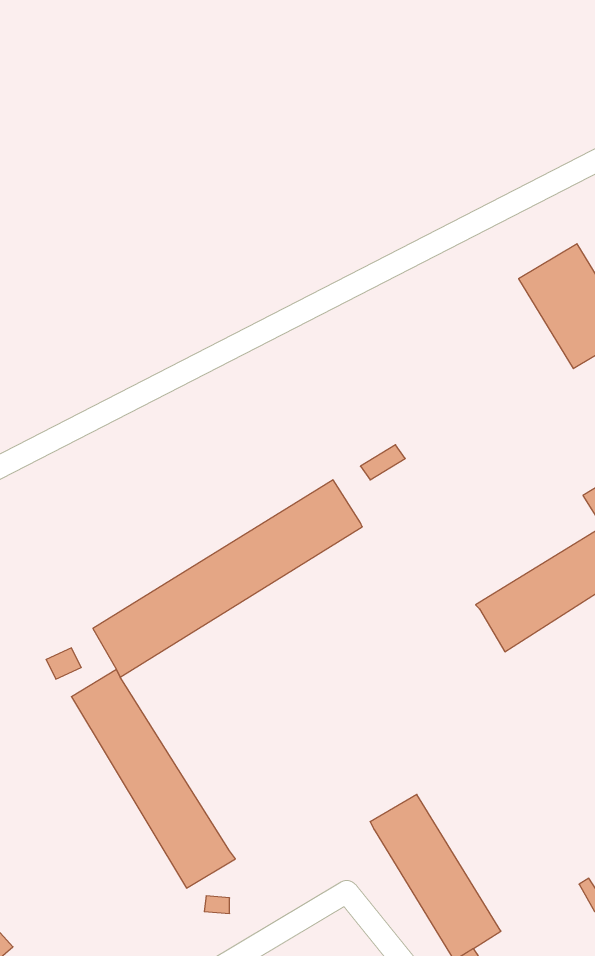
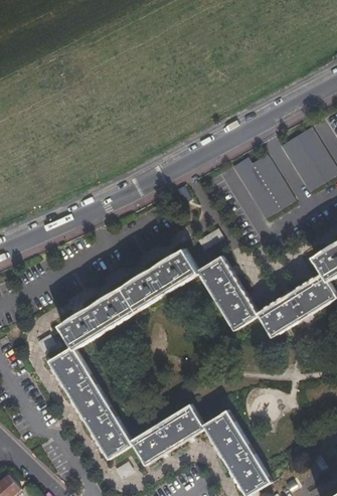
building: none -> [230,155,293,219]
building: none -> [197,256,259,329]
building: none -> [130,404,204,464]

